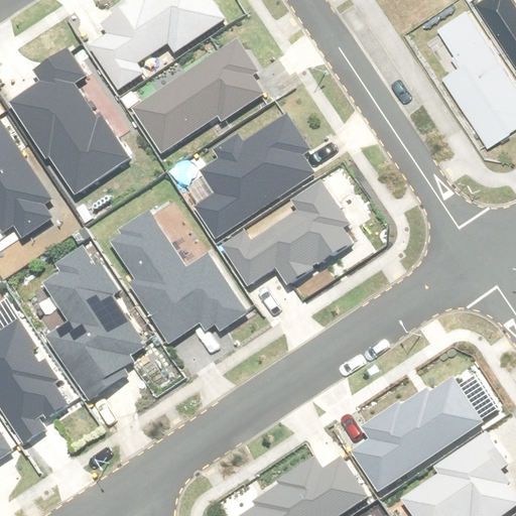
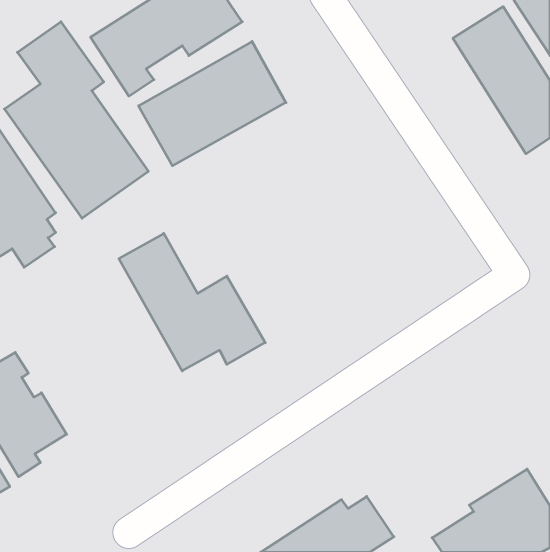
building: [197,115,312,239] -> none
building: [227,184,353,287] -> none
building: [43,254,150,394] -> none
building: [346,379,480,490] -> none

